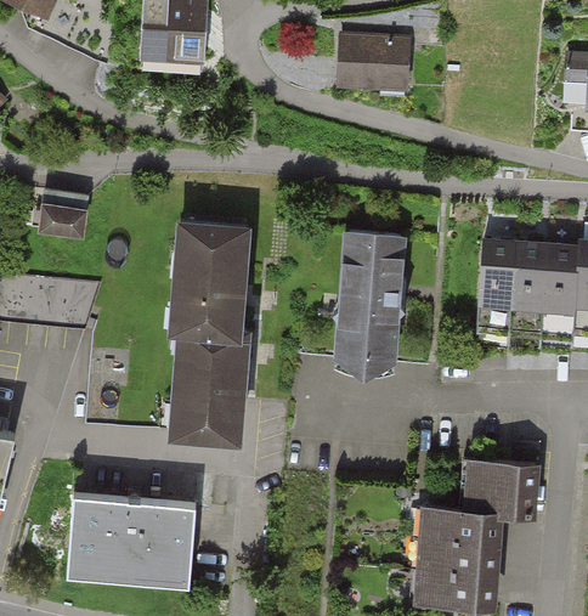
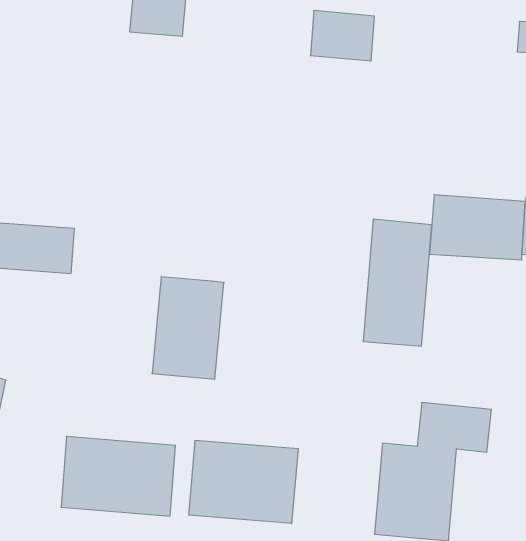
building: [36,199,84,236] -> none
building: [173,220,245,332] -> none
building: [328,231,402,368] -> [363,219,432,346]
building: none -> [189,440,298,524]

